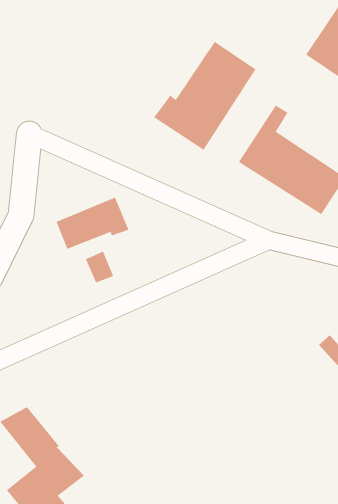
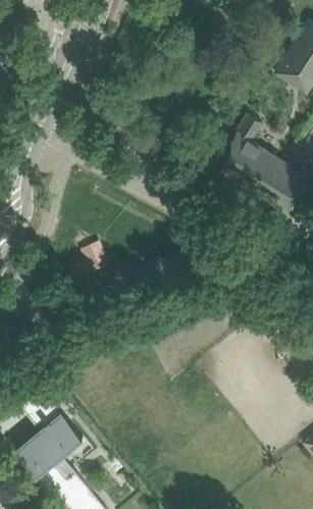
building: [153,41,257,151] -> none
building: [56,197,129,250] -> none

